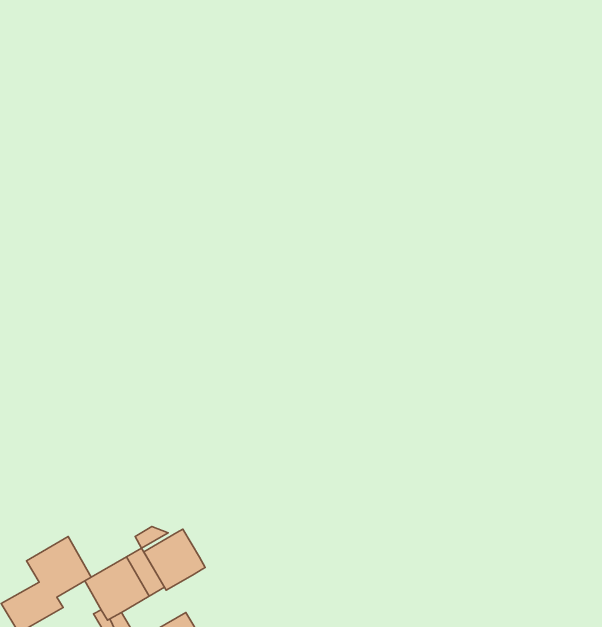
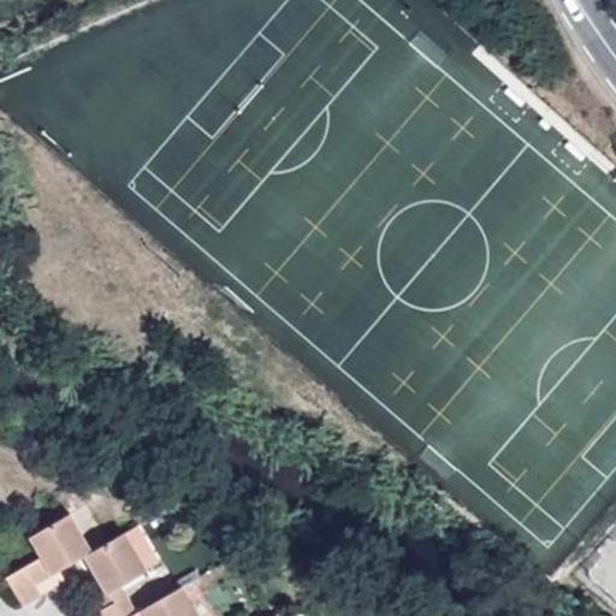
building: [144,529,205,590] -> none

